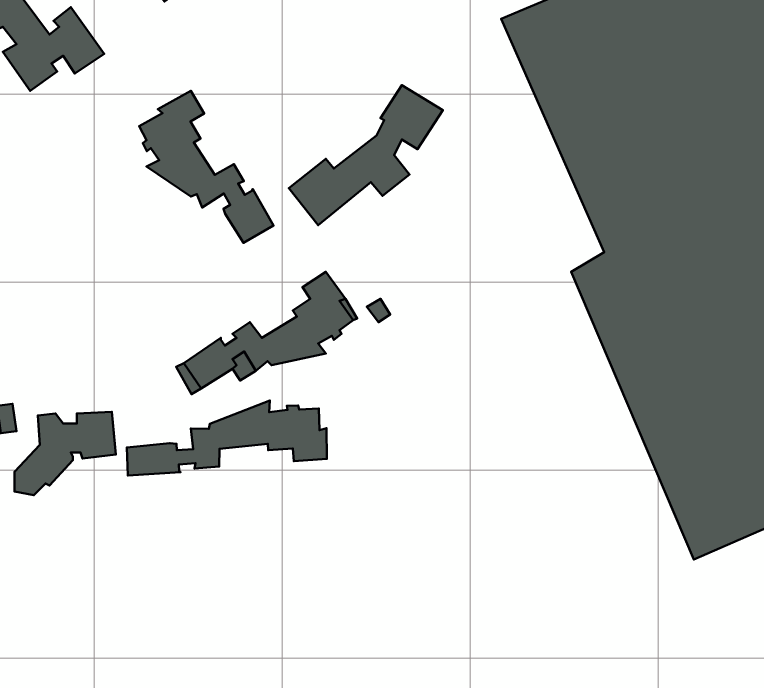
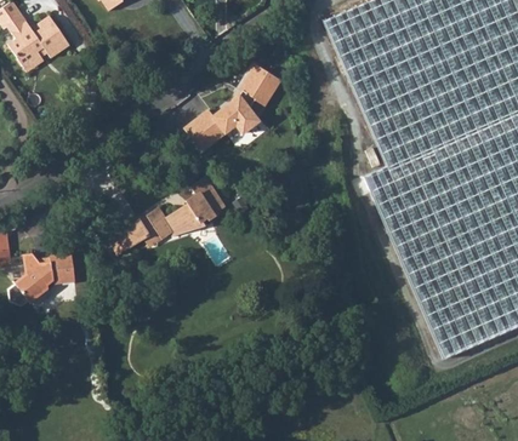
building: [139,91,273,243] -> none
building: [127,401,327,476] -> none

